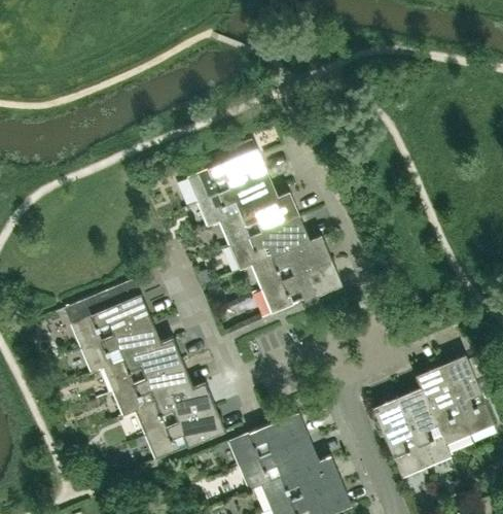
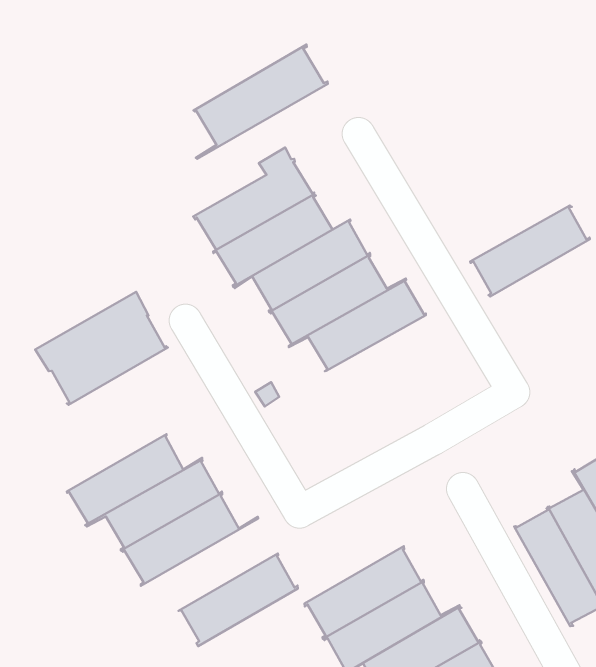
building: none -> [193,44,328,159]
building: [261,262,342,315] -> [470,206,590,297]
building: [64,280,151,349] -> [35,292,168,405]
building: [122,382,215,437] -> none

